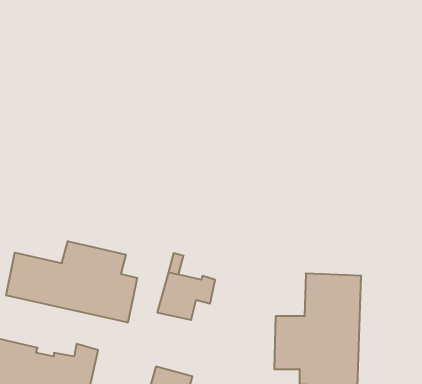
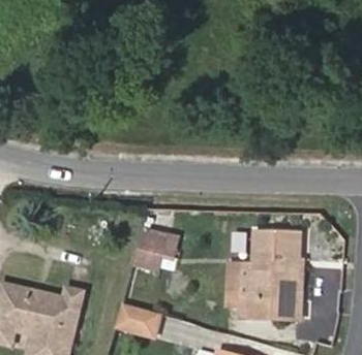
building: [6,241,137,323] -> none

